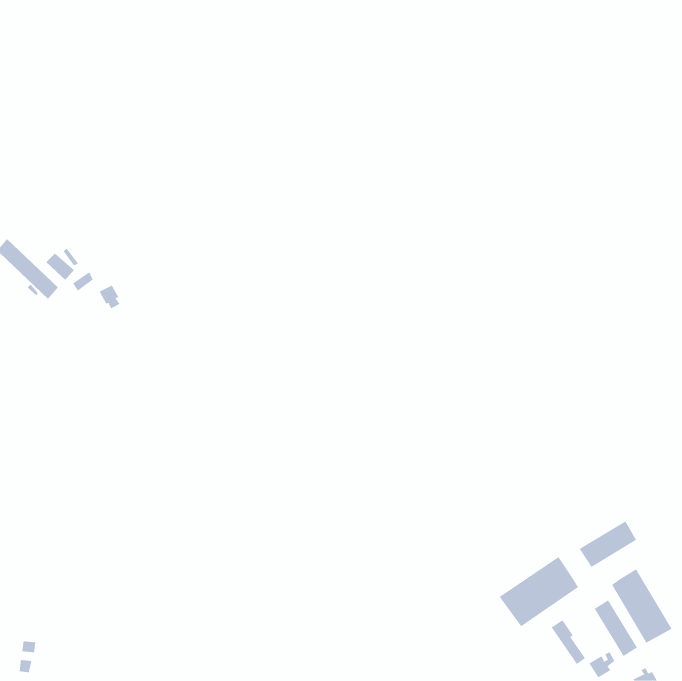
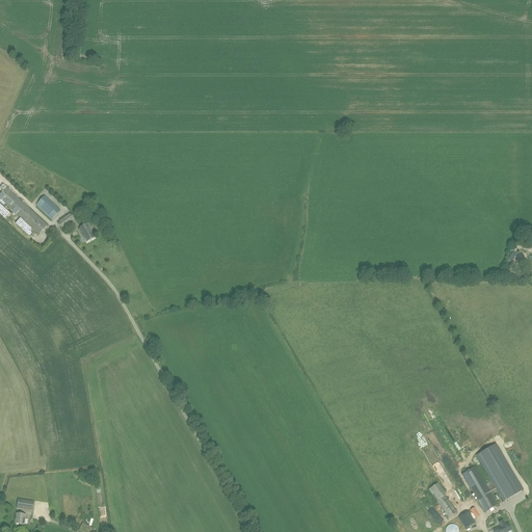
building: [579,521,637,568] -> none
building: [499,556,579,627] -> none

